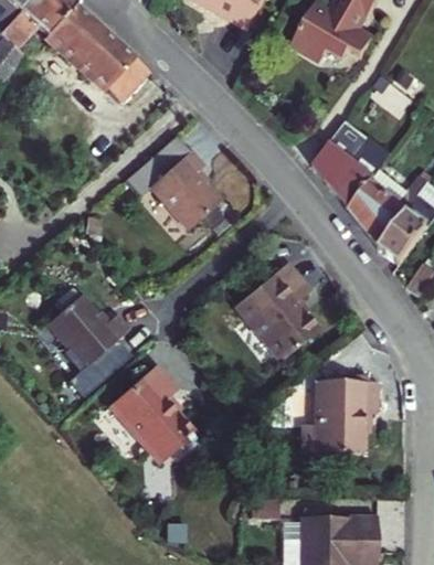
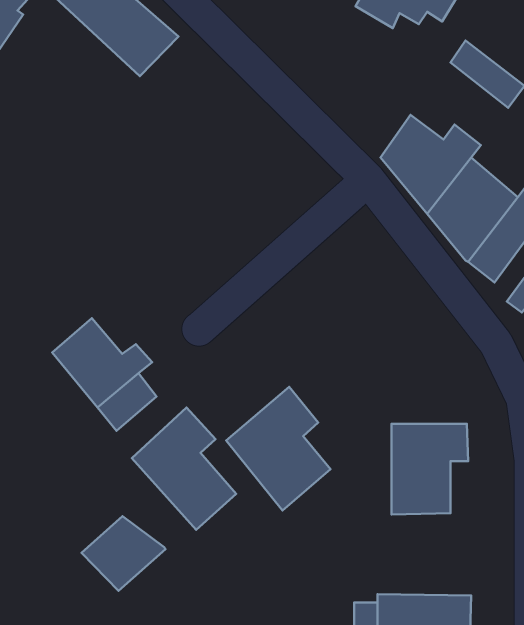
building: [125,135,219,228] -> none
building: [234,260,318,360] -> [226,387,330,510]
building: none -> [82,516,165,591]

